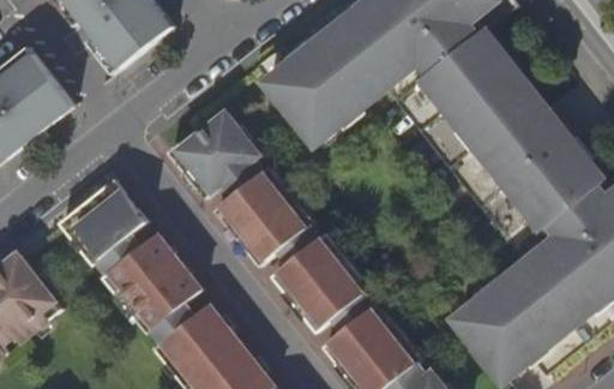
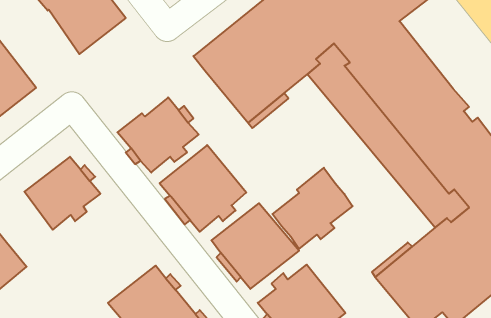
building: none -> [272,168,353,249]
building: [101,235,200,333] -> none

